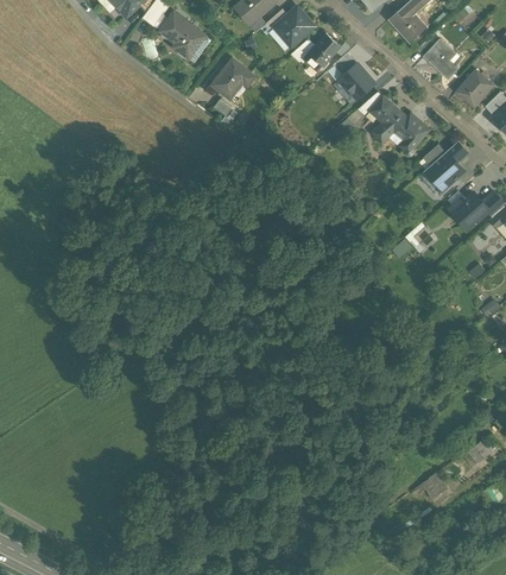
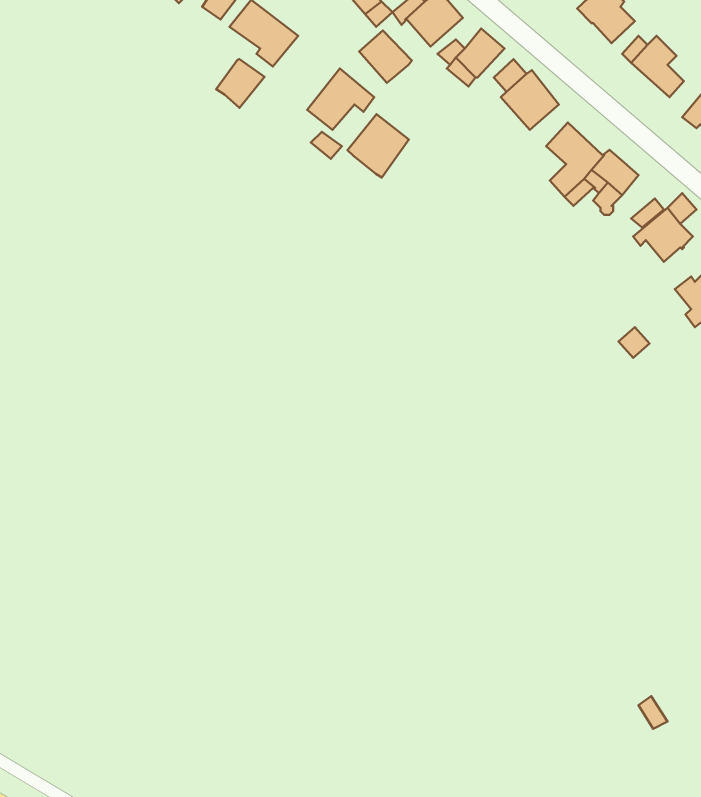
building: none -> [359,30,412,83]
building: none -> [216,59,264,108]
building: none -> [348,114,409,178]

